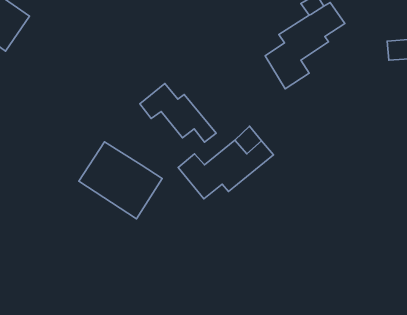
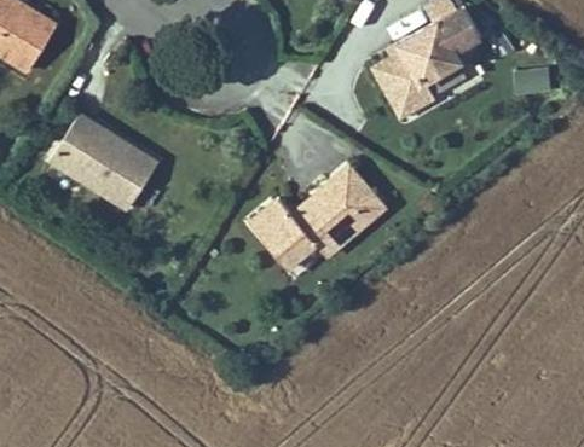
building: [140,83,216,142] -> none
building: [79,142,162,219] -> [46,115,156,216]

